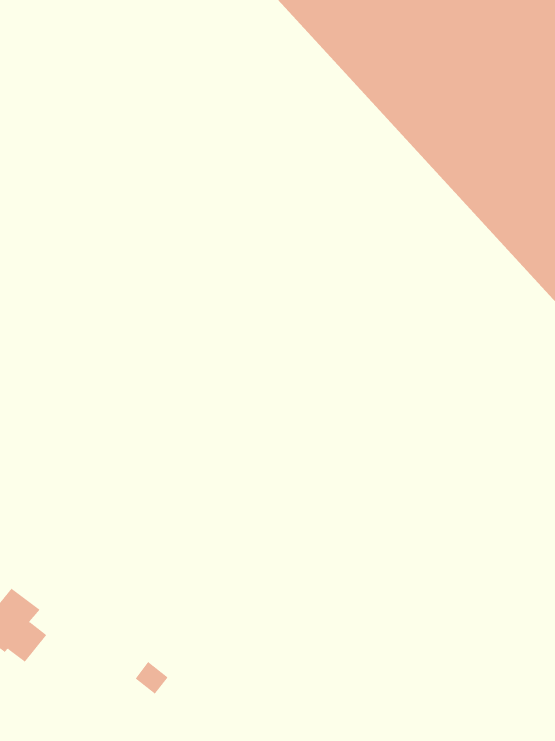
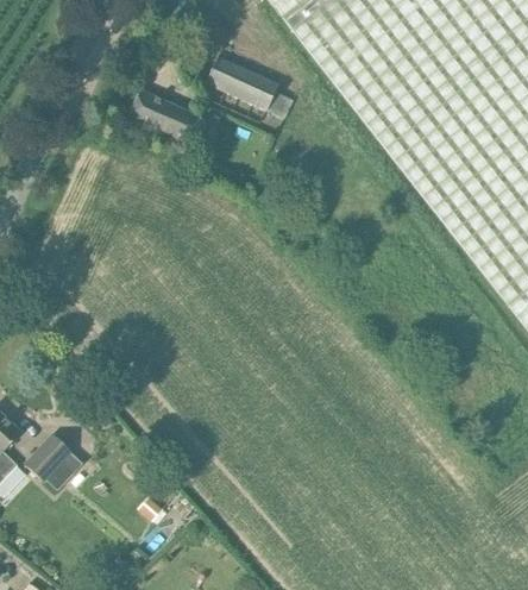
building: none -> [205,57,291,118]
building: none -> [127,89,206,148]

